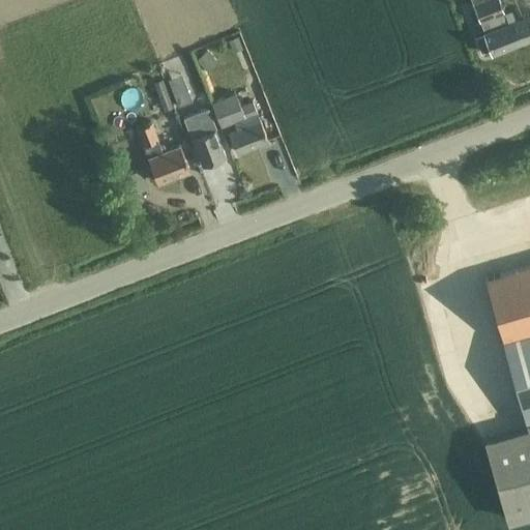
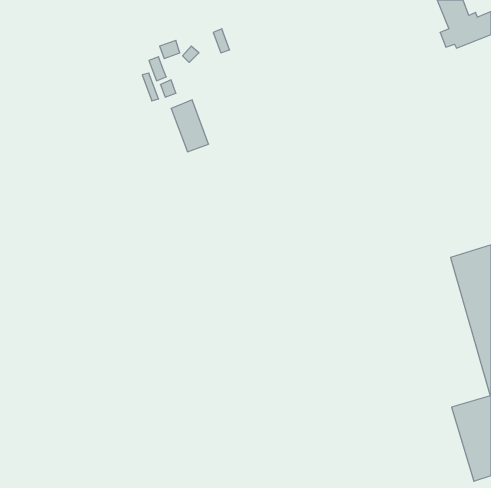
building: [212,95,268,154] -> none
building: [138,123,190,184] -> none

